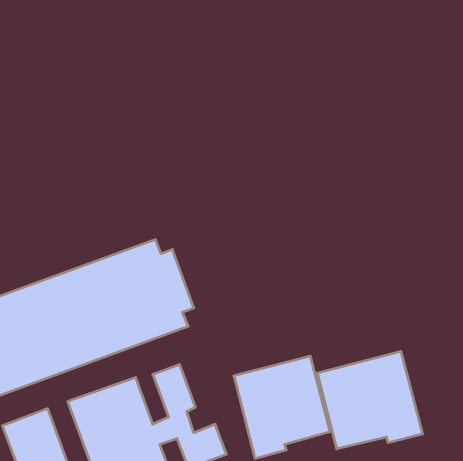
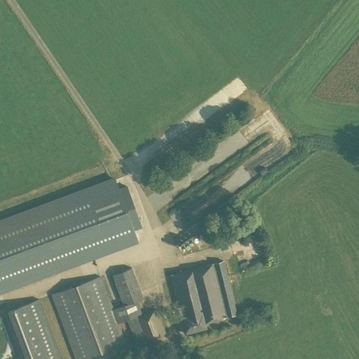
building: [317,351,422,449] -> none

